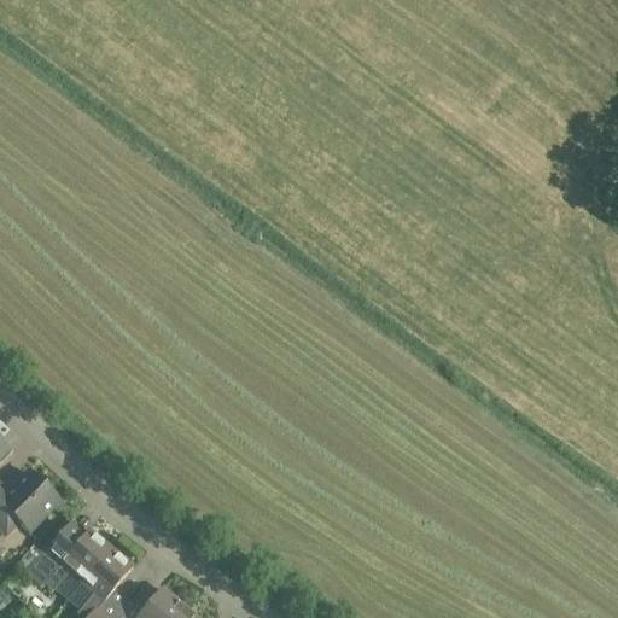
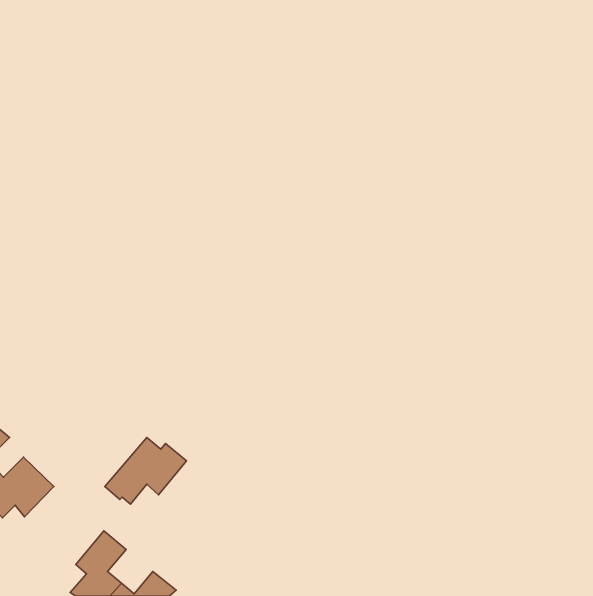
building: [23,525,107,594] -> [105,438,186,504]

